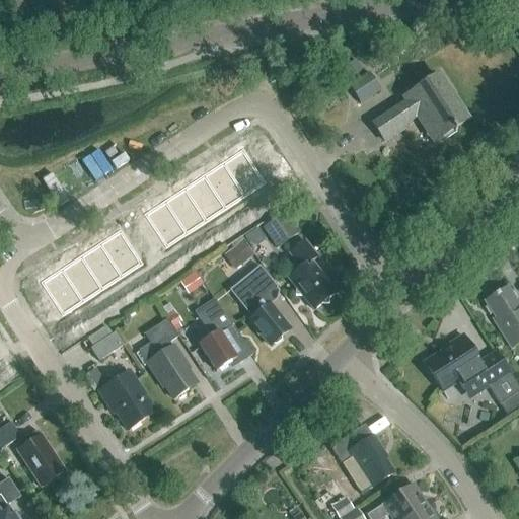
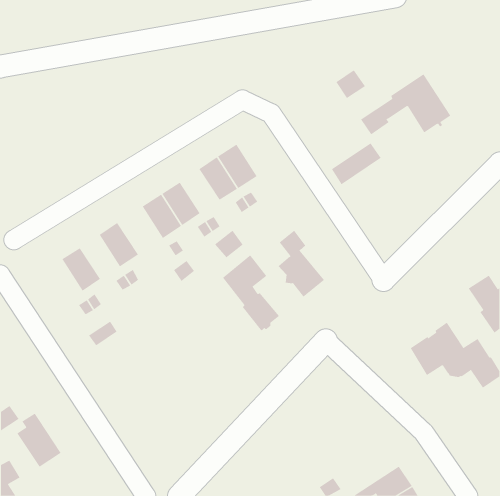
building: none -> [331,143,381,185]
building: [187,175,227,221] -> none
building: [264,212,297,245] -> none
building: [83,243,124,289] -> none
building: [44,269,85,315] -> none
building: [196,298,252,370] -> none
building: [137,316,197,396] -> none
building: [89,369,156,427] -> none
building: [332,432,393,487] -> none

